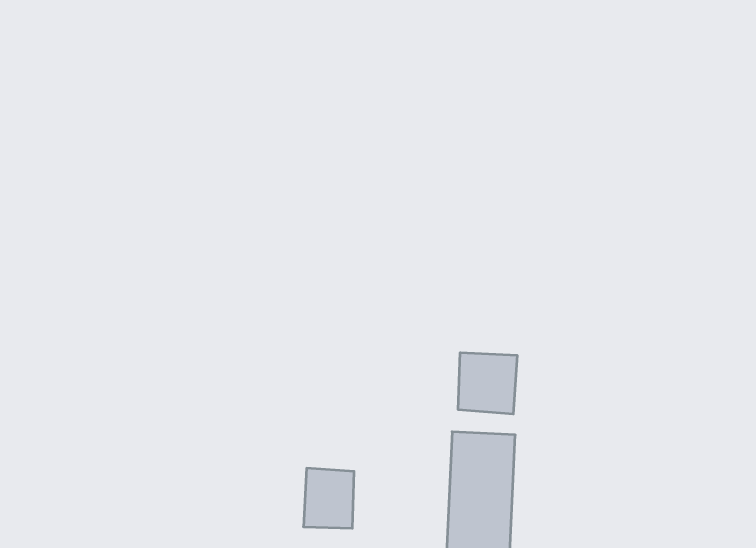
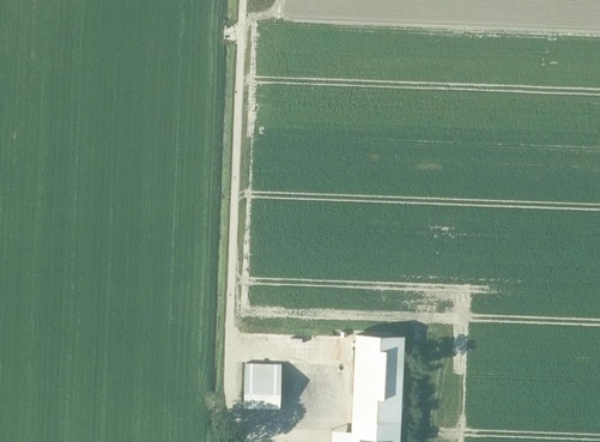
building: [458,353,517,414] -> none

